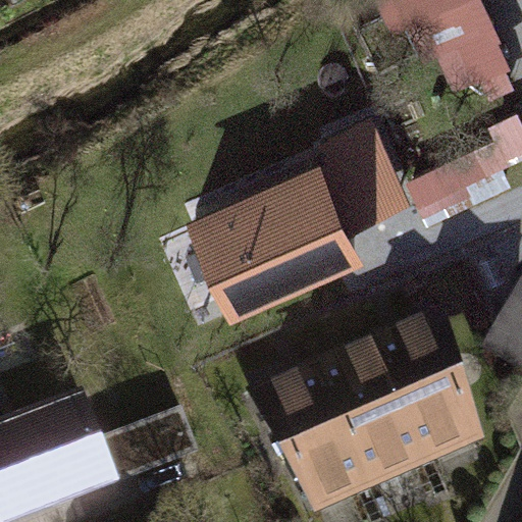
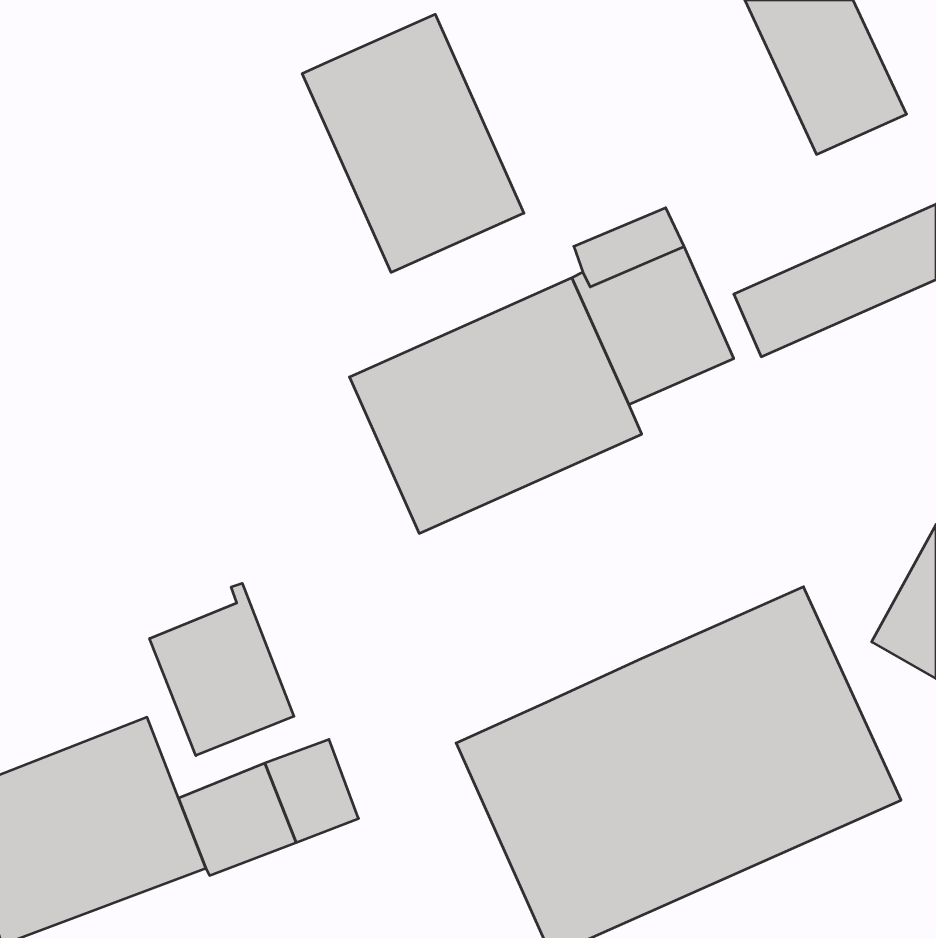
building: none -> [302,14,524,272]
building: none -> [150,583,294,756]

